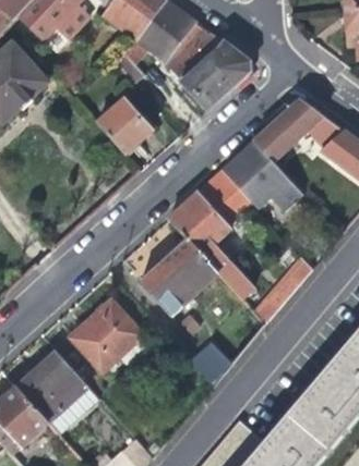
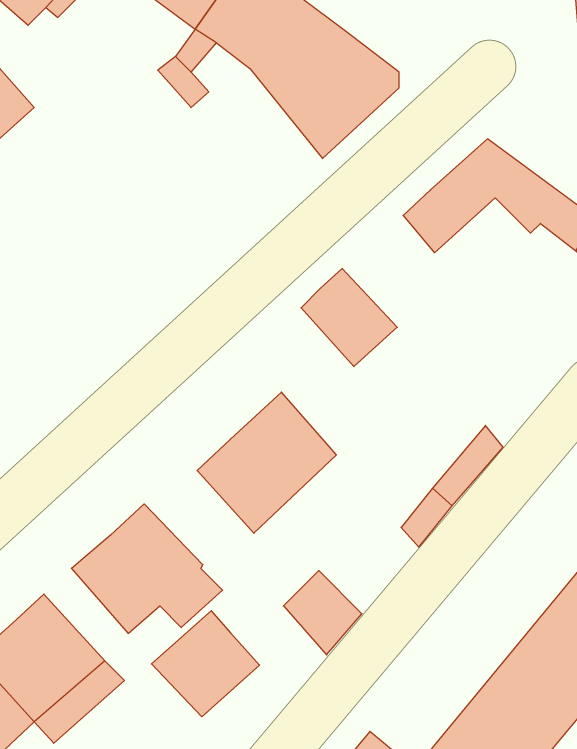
building: [97,97,154,155] -> none
building: [219,142,301,212] -> none
building: [167,193,252,302] -> none
building: none -> [151,611,260,717]

